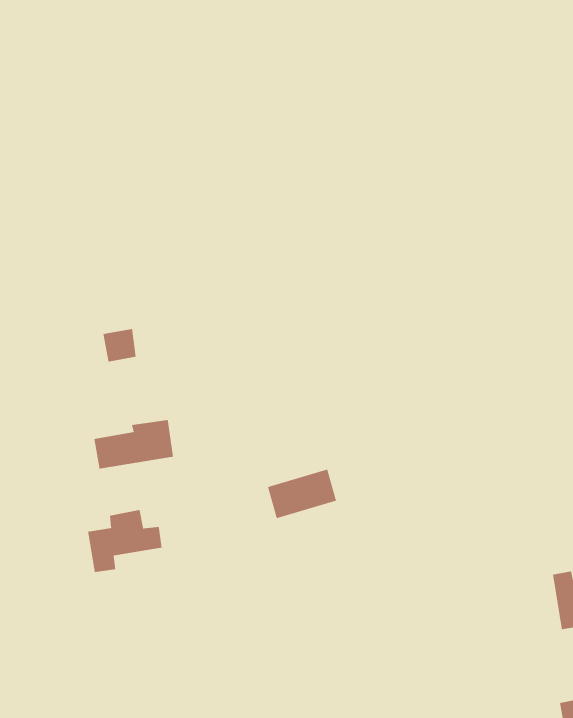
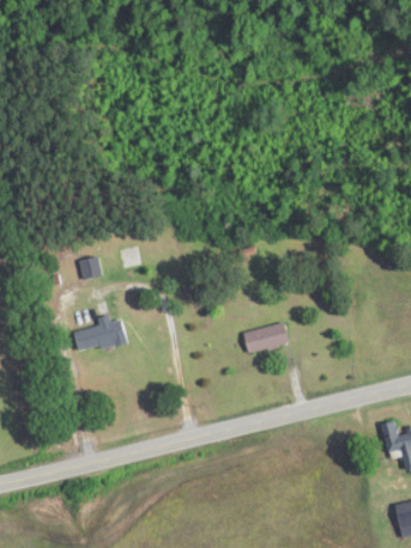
building: [267,469,337,519] -> [242,322,289,355]
building: [88,509,162,573] -> none

